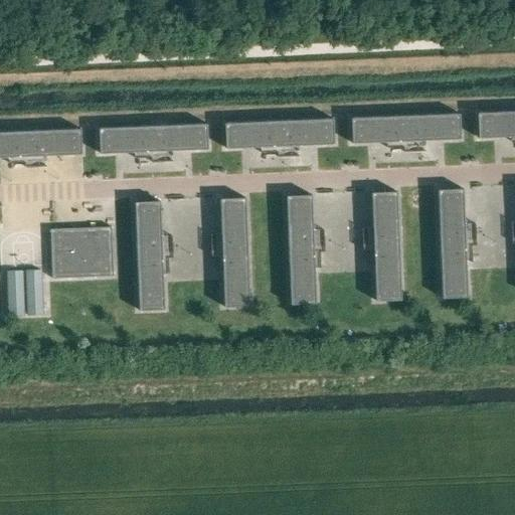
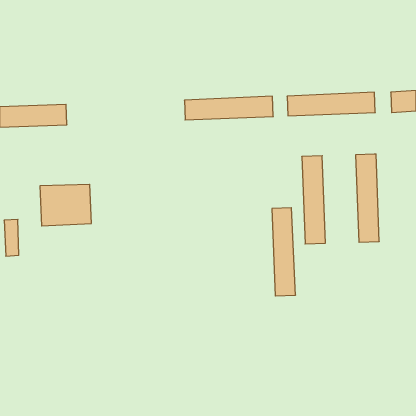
building: [101,124,210,153] -> none
building: [287,196,316,305] -> [272,208,296,296]
building: [220,198,249,307] -> none
building: [135,202,164,311] -> none
building: [23,271,41,315] -> none

